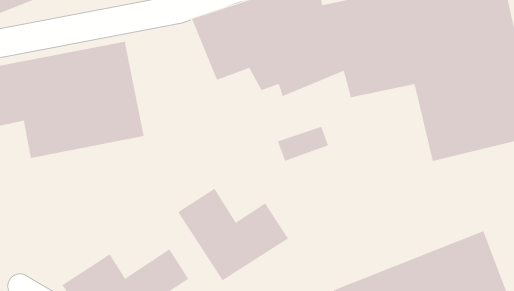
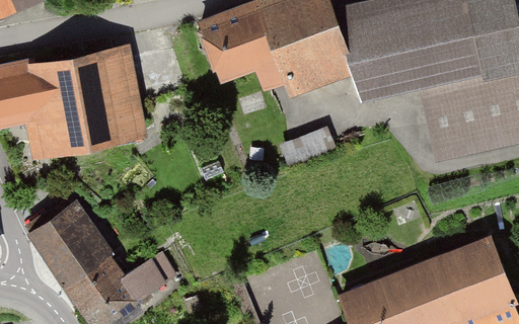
building: [178,188,289,281] -> none
building: none -> [29,206,112,288]

